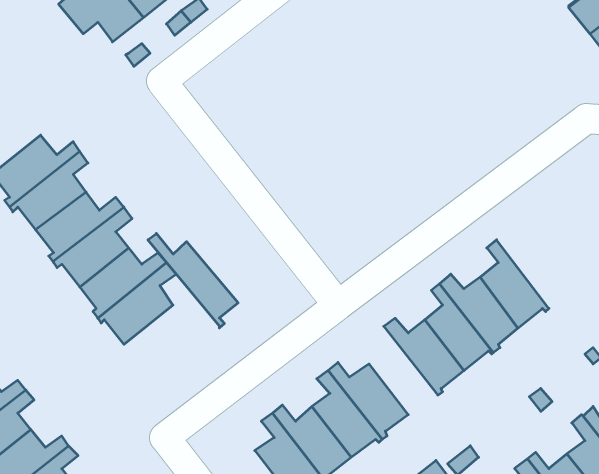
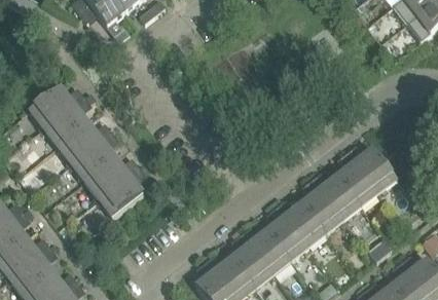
building: none -> [346,146,397,194]
building: [148,233,238,328] -> none
building: none -> [266,205,309,261]

